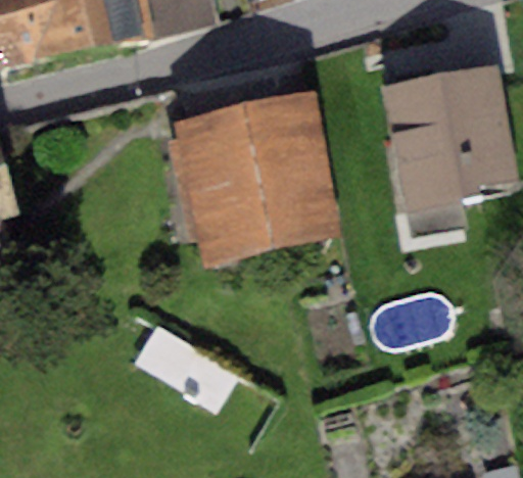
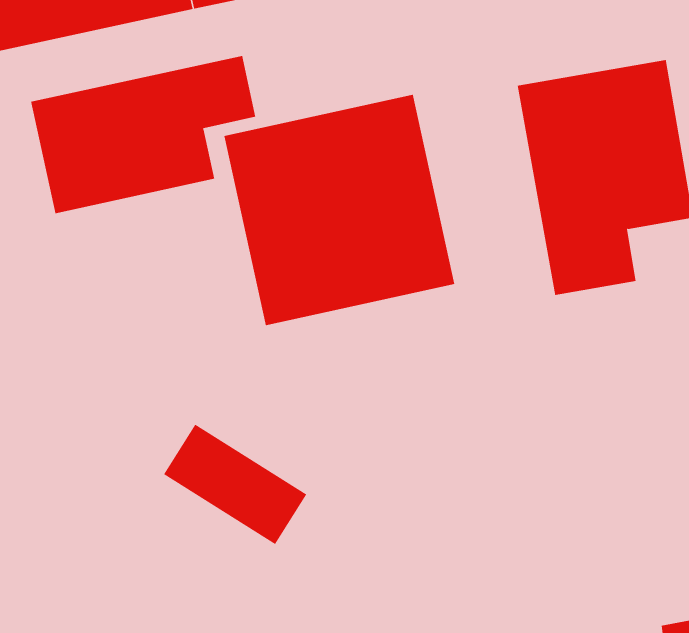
building: none -> [31,55,256,214]

